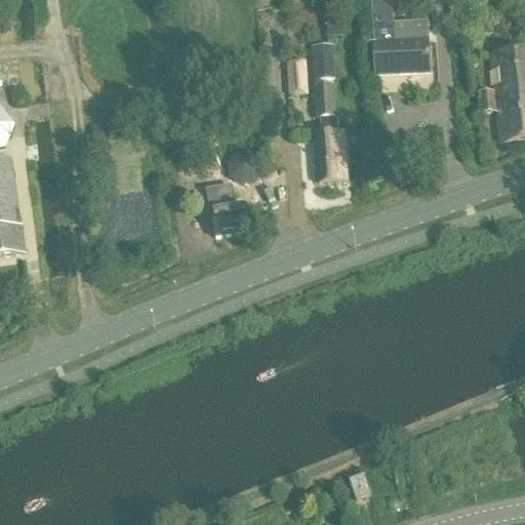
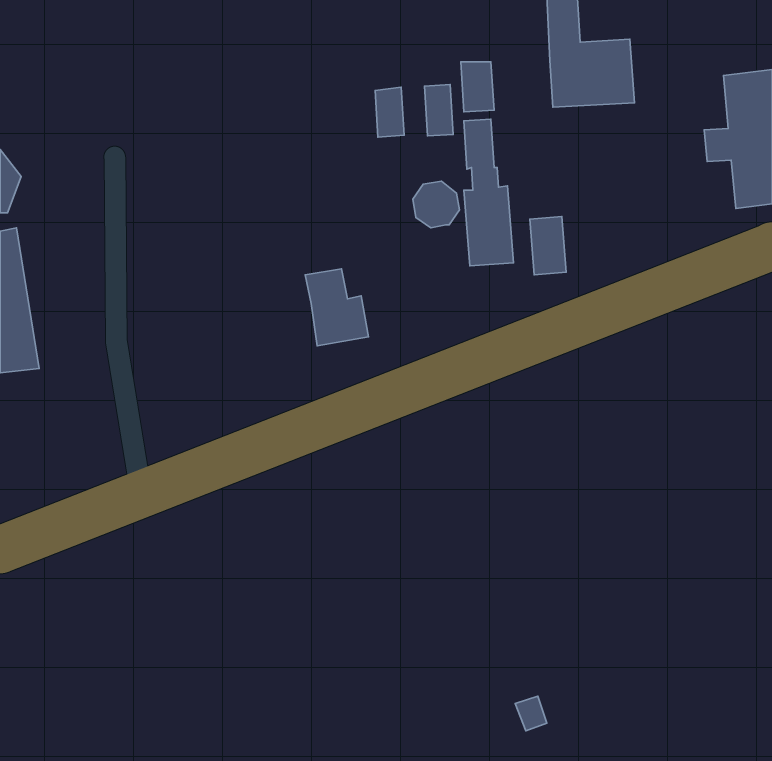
building: none -> [375,87,404,137]
building: none -> [530,217,566,275]
building: [230,149,261,180] -> [413,181,460,228]

